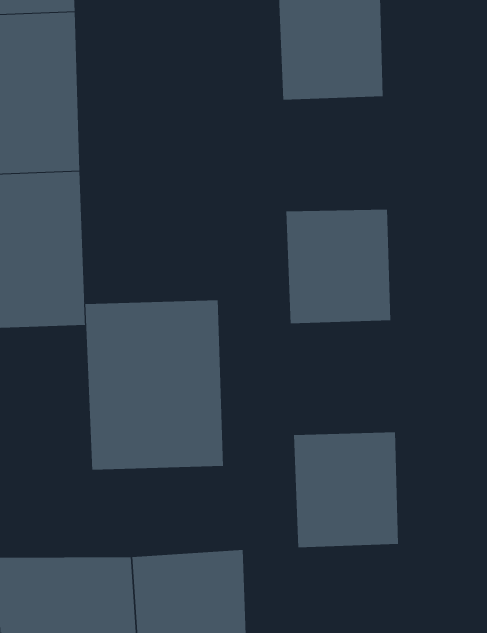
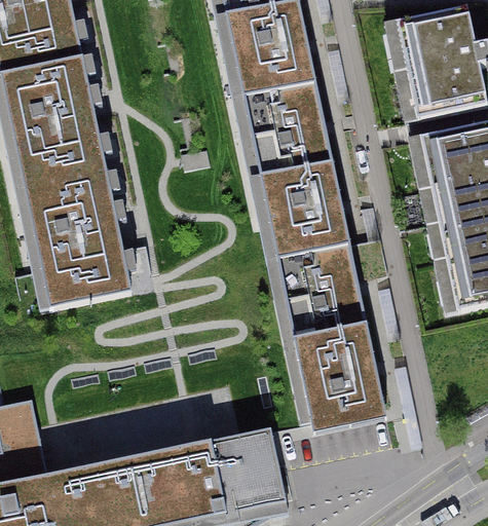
building: none -> [242,83,333,179]
building: [85,299,224,470] -> none
building: none -> [276,245,367,340]

